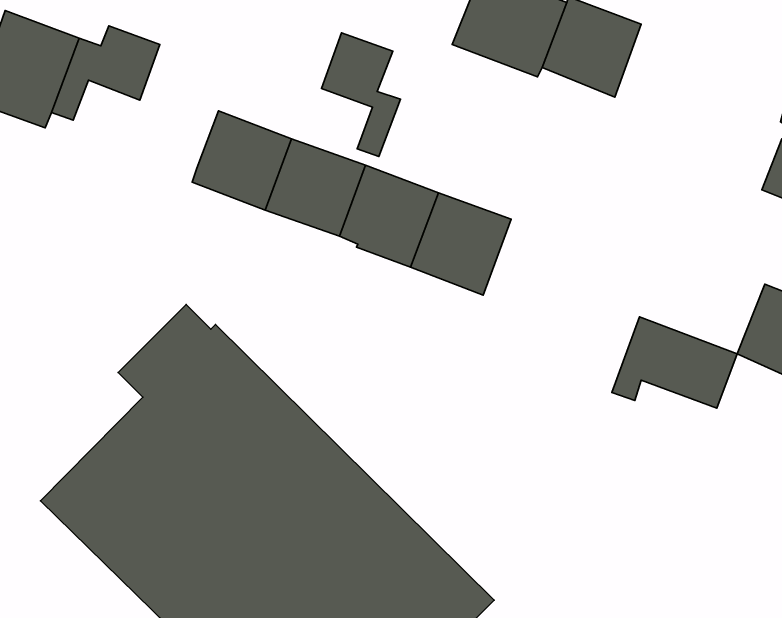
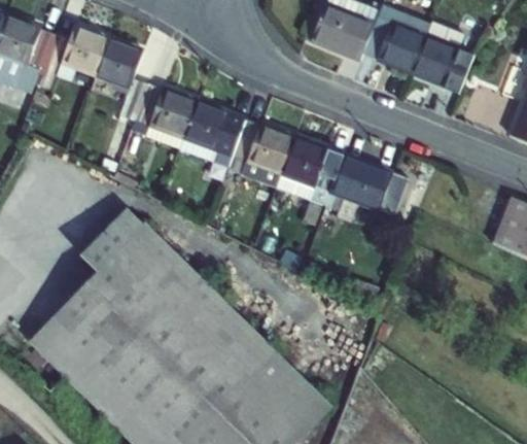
building: none -> [411,22,472,93]
building: [321,33,400,157] -> [95,37,147,119]
building: [612,317,737,408] -> [323,153,407,214]

